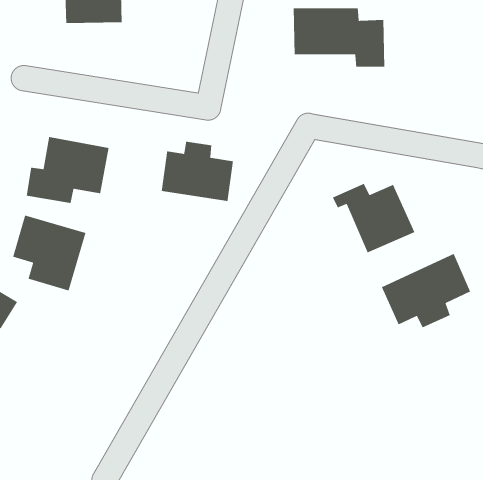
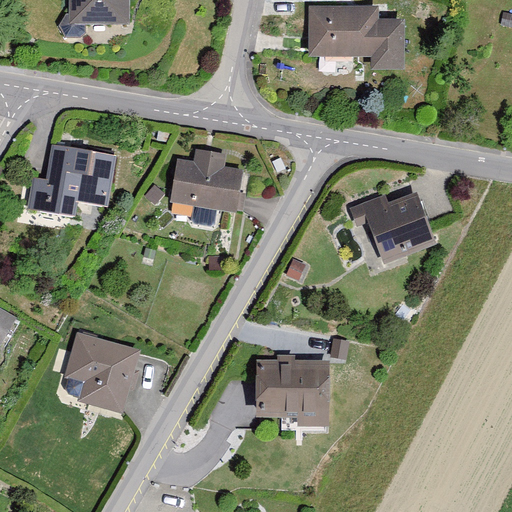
building: [12,214,86,292] -> [62,330,140,411]
building: [381,253,471,328] -> none
building: none -> [255,359,330,429]

